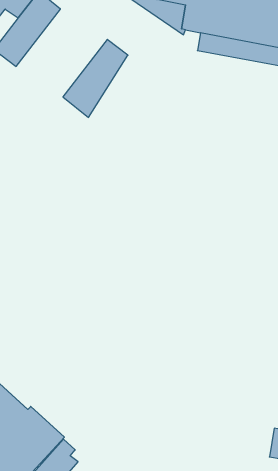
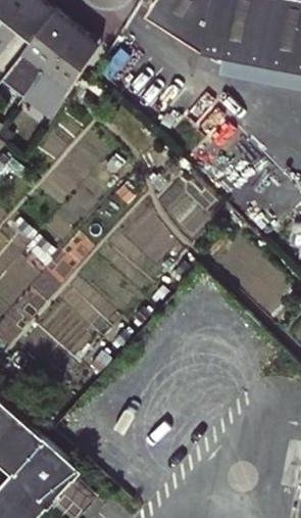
building: [63,39,128,117] -> [29,29,96,109]

